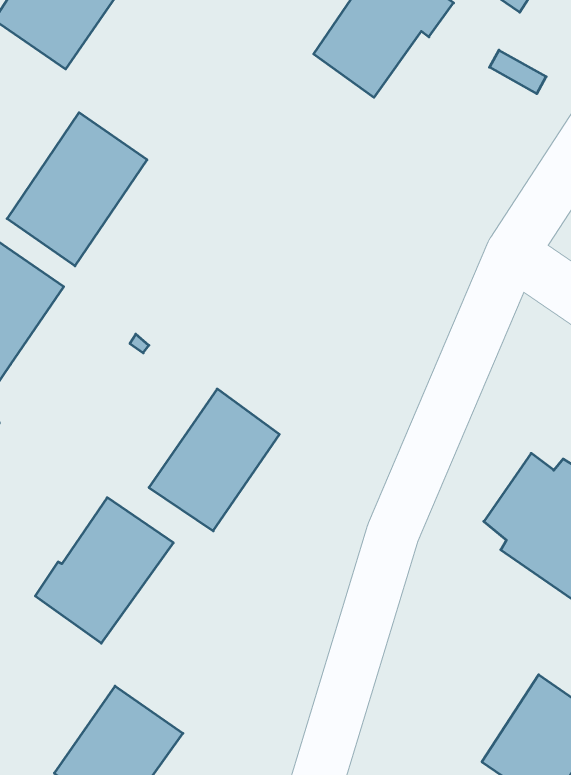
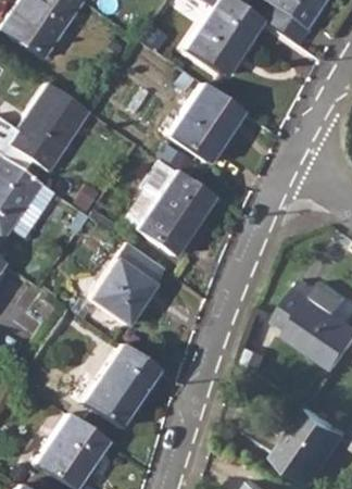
building: none -> [168,85,242,162]
building: none -> [137,162,214,255]
building: [35,498,173,643] -> [80,343,160,427]

